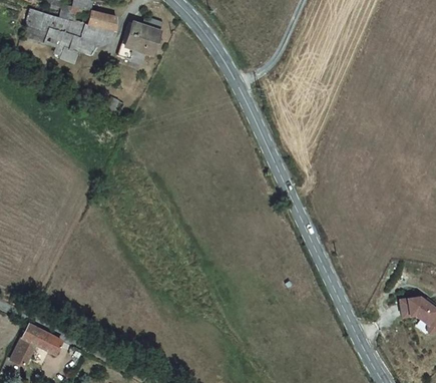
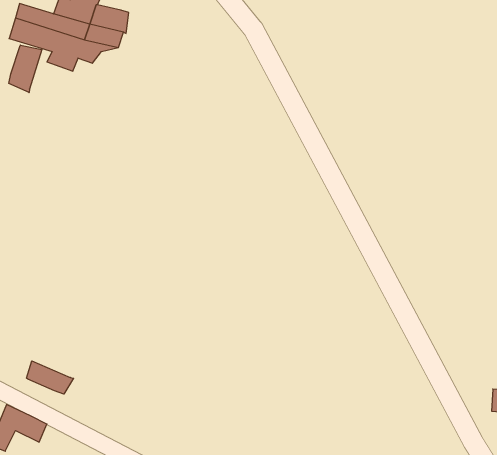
building: [126,21,166,60] -> none
building: none -> [9,45,42,93]
building: none -> [27,361,74,394]

